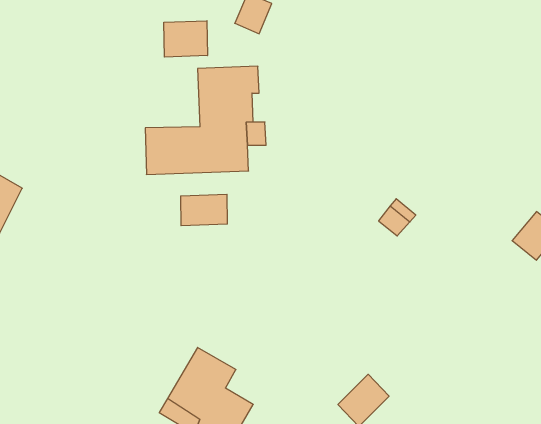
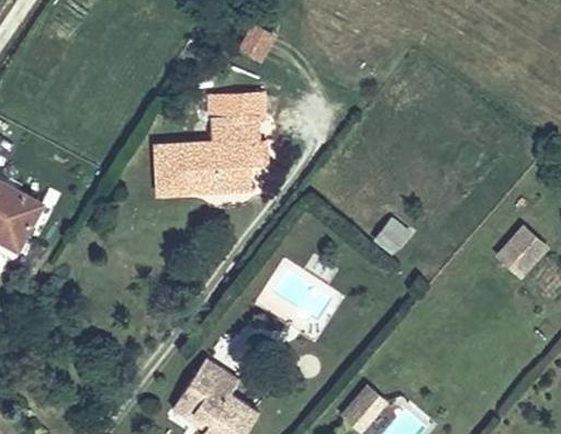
building: [164,21,207,57] -> none
building: [181,194,227,226] -> none

